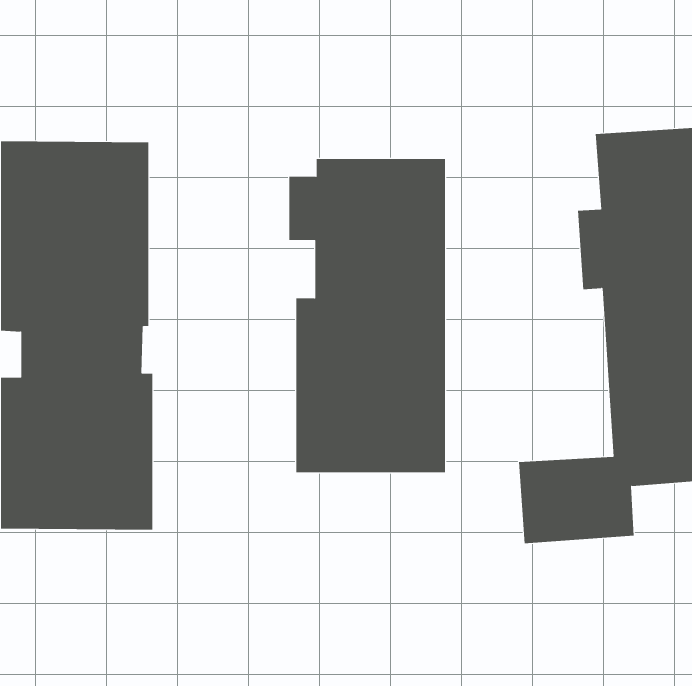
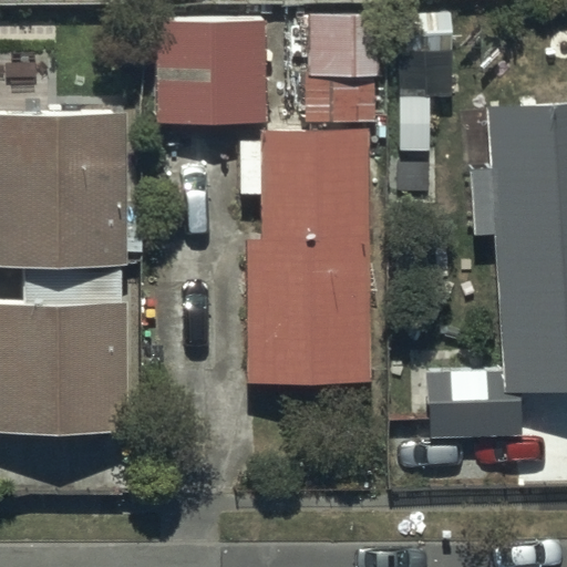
building: none -> [310,14,378,118]
building: none -> [157,20,264,123]

